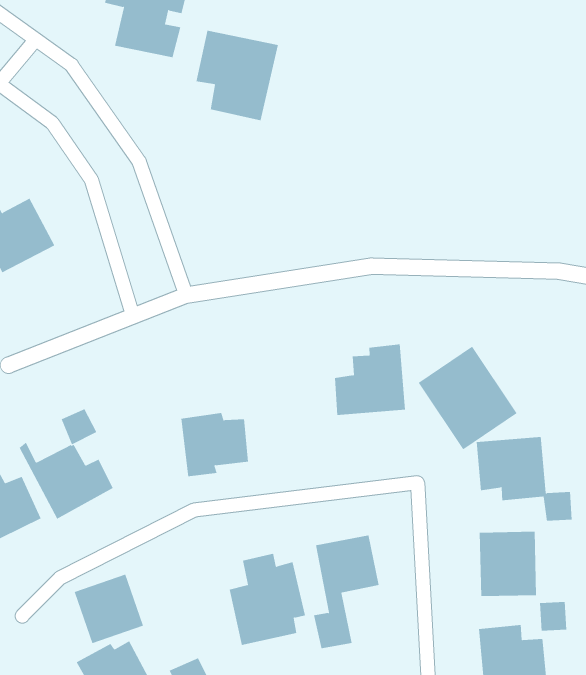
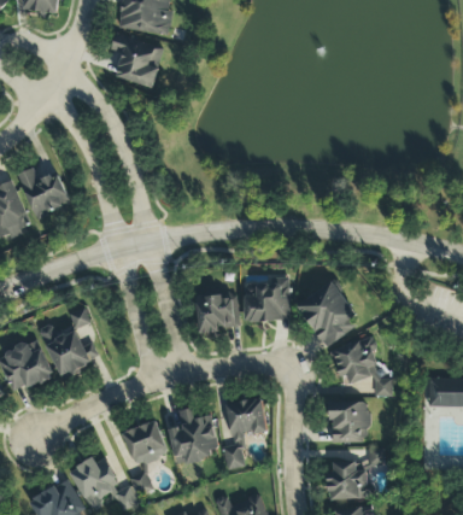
building: [196,30,279,121] -> none
building: [180,412,249,477] -> [195,292,238,332]
building: [74,574,144,644] -> [123,420,166,463]

